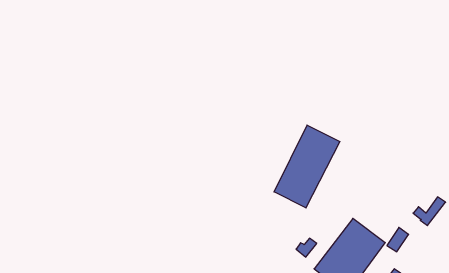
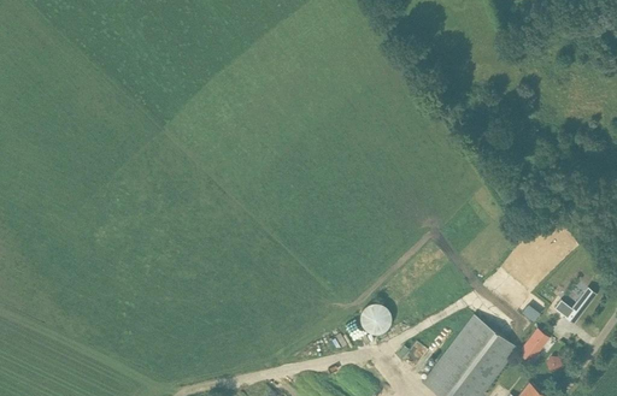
building: [274,125,340,208] -> none
building: none -> [360,301,392,333]

